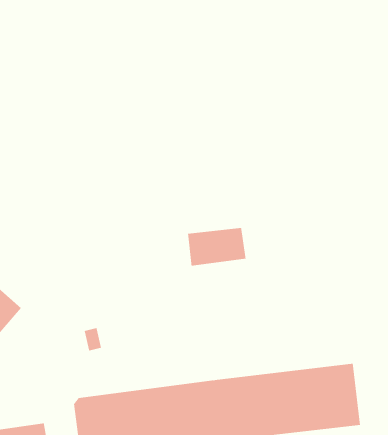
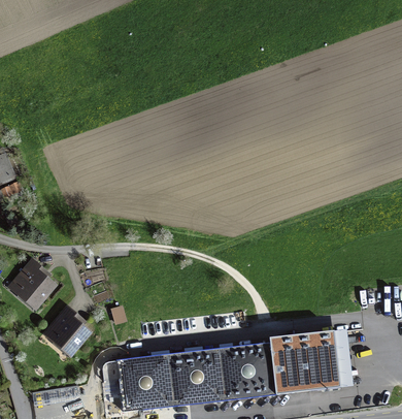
building: [187,227,246,266] -> none
building: none -> [41,304,89,355]

